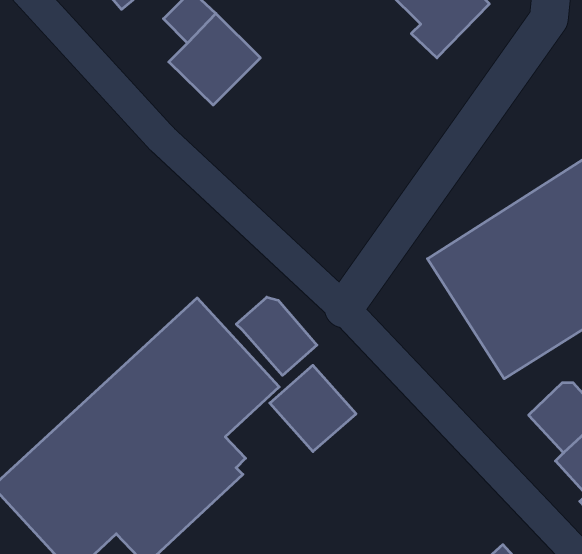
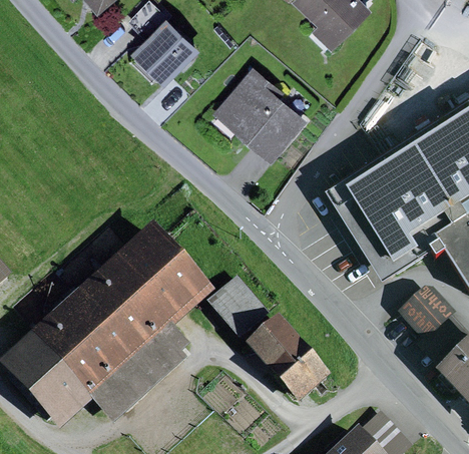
building: none -> [212,61,307,158]
building: [236,297,317,375] -> none
building: none -> [249,318,332,404]

